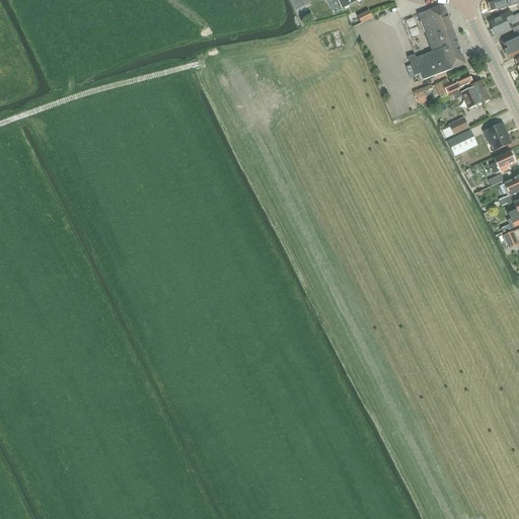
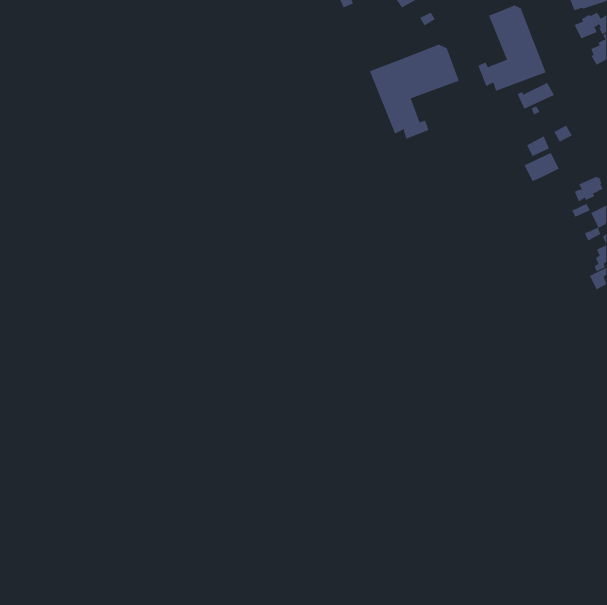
building: none -> [369,44,460,140]
building: [461,79,491,107] -> none
building: [484,124,511,149] -> none

